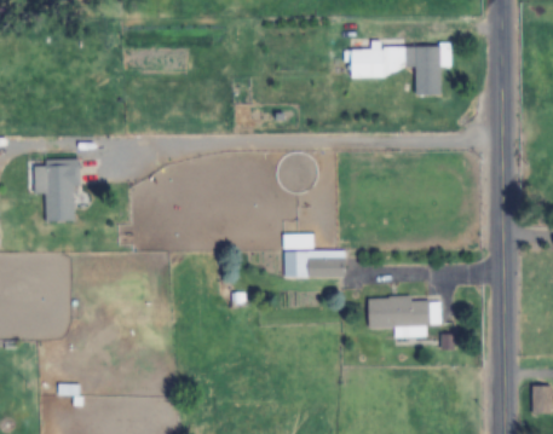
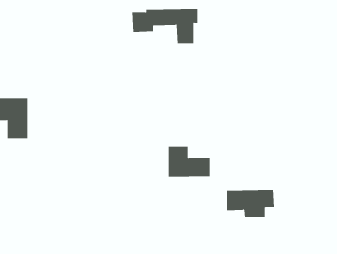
building: [350,45,448,97] -> [132,9,198,44]

